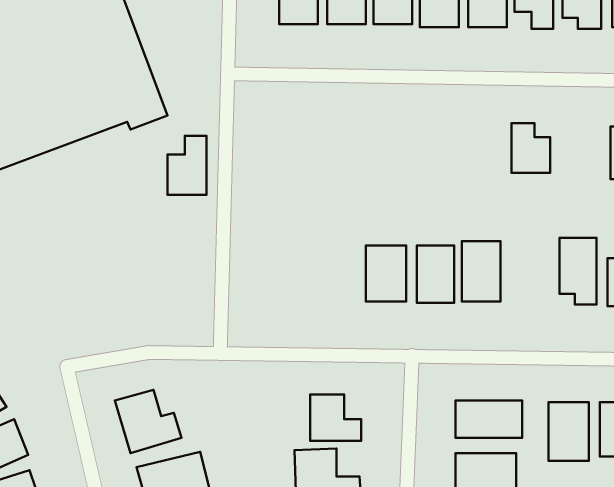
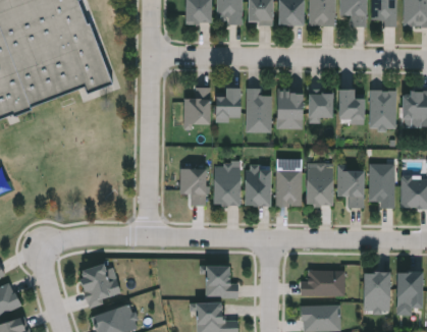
building: none -> [214,88,239,121]
building: none -> [247,88,272,132]
building: none -> [276,91,304,127]
building: none -> [309,91,332,118]
building: none -> [371,91,396,127]
building: [168,136,206,195] -> [183,87,209,125]
building: none -> [212,166,238,205]
building: none -> [179,168,205,205]
building: none -> [337,170,363,208]

